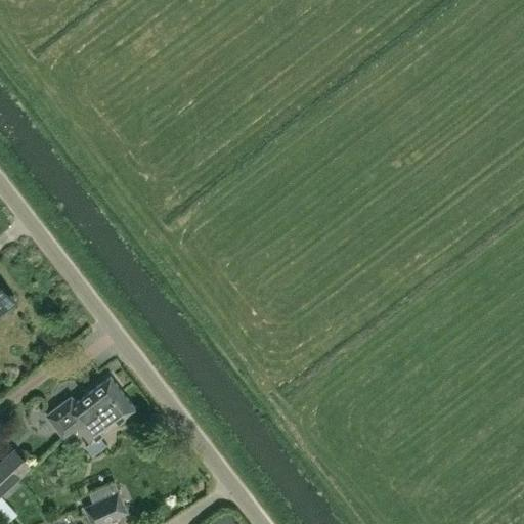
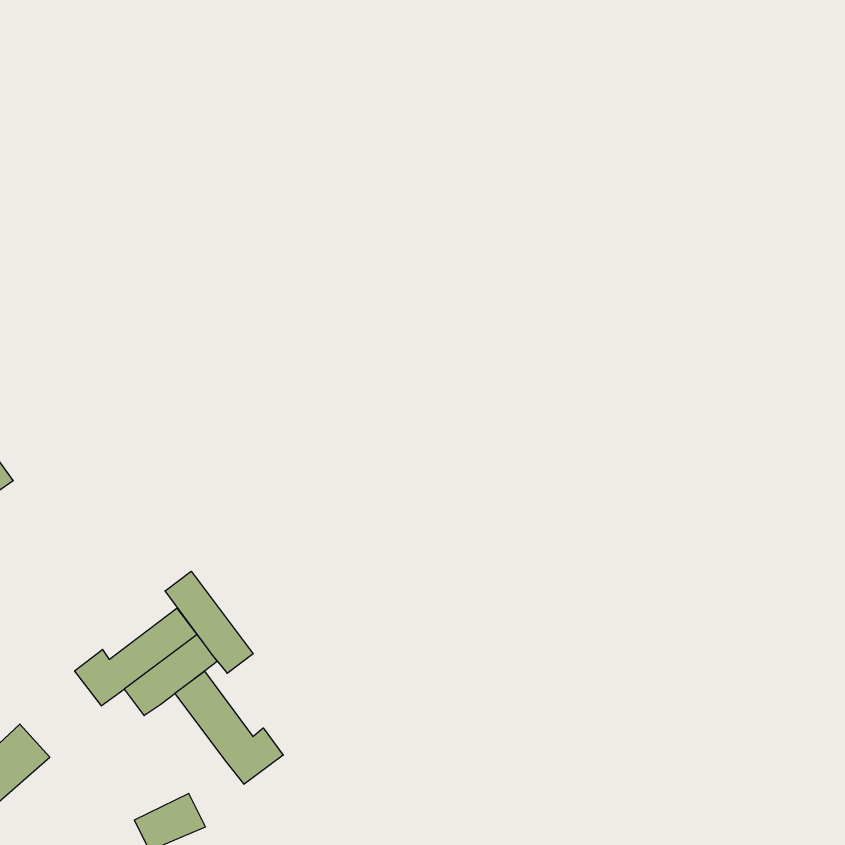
building: none -> [165,571,253,673]
building: none -> [175,671,283,784]

